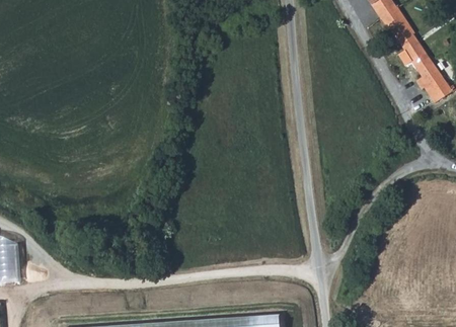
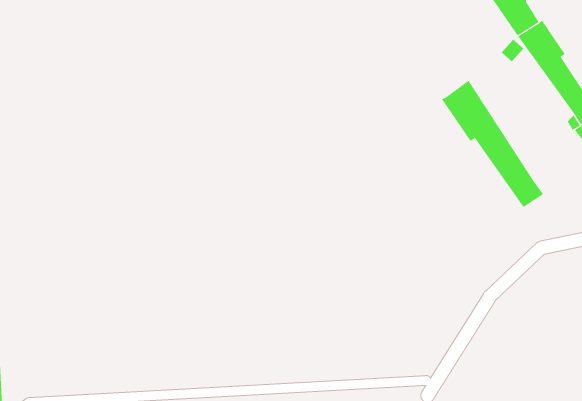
building: none -> [441,80,544,208]

